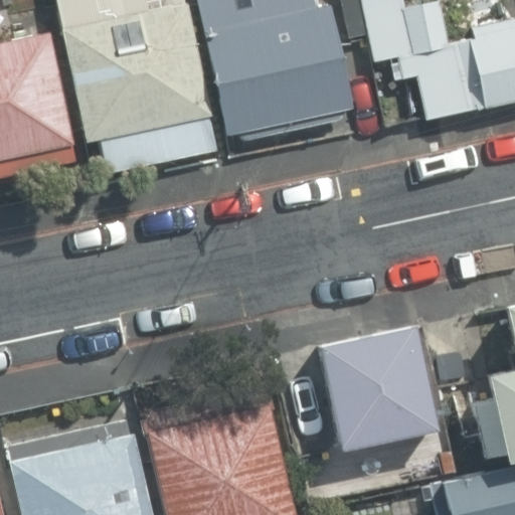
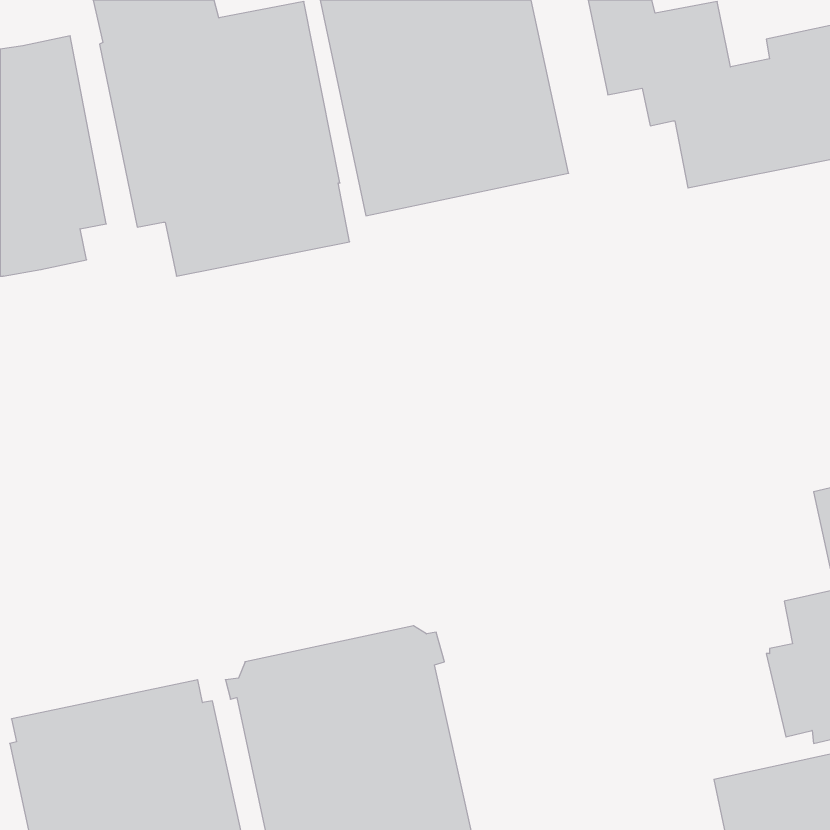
building: [318,327,436,451] -> none

